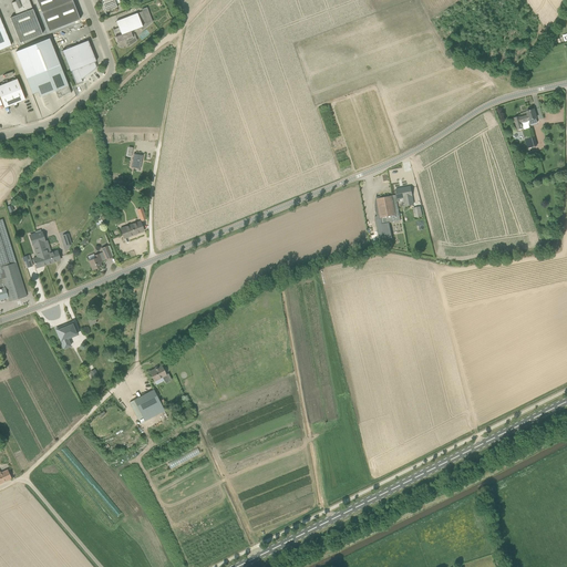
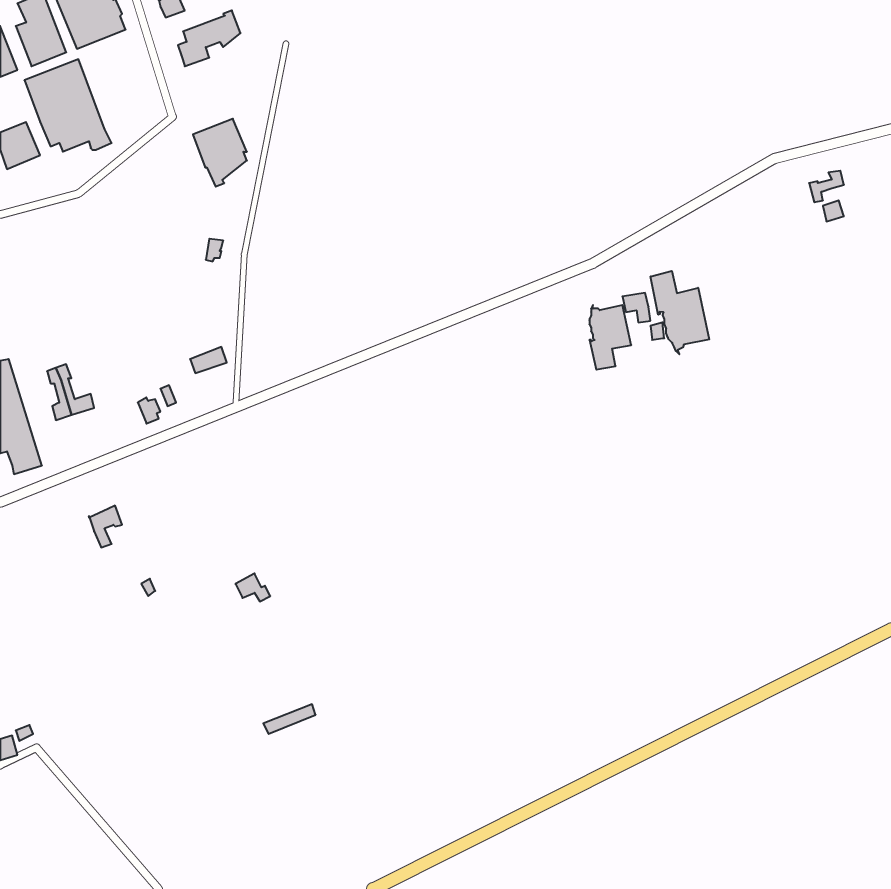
building: [62,40,96,83] -> [193,119,247,187]
building: none -> [651,271,709,354]
building: [128,389,166,420] -> none

